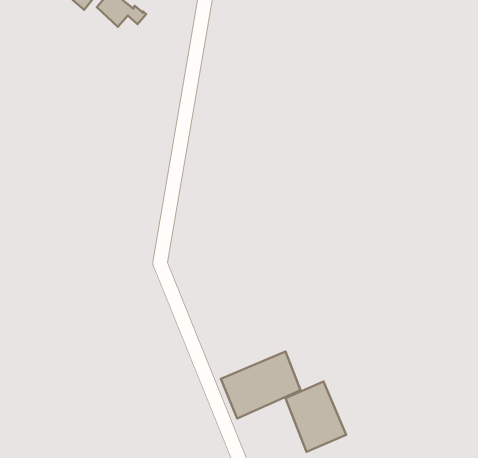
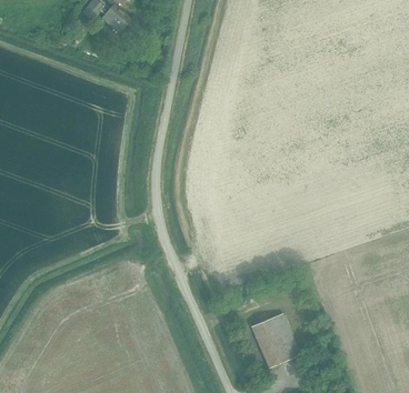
building: [221,352,301,418] -> none

